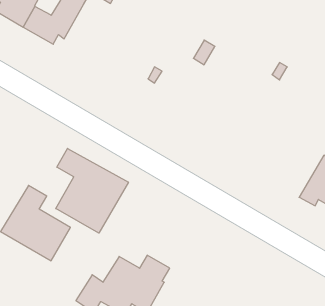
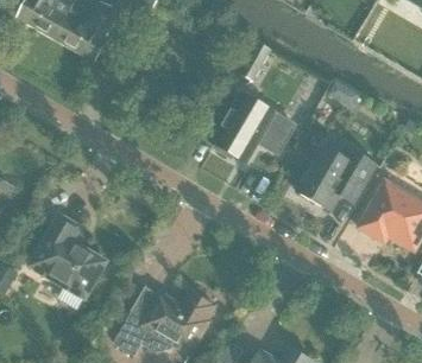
building: none -> [213,93,295,161]
building: none -> [296,145,376,210]
building: [56,148,128,233] -> none

